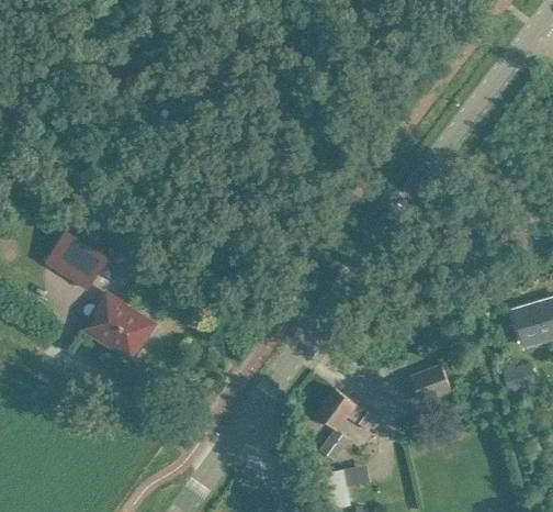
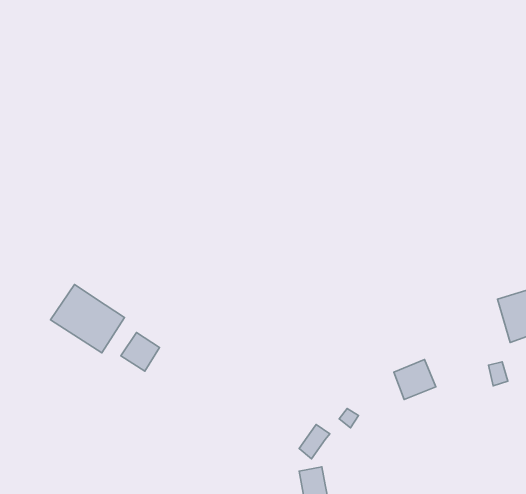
building: [46,230,112,291] -> none
building: none -> [121,332,160,371]
building: [317,390,364,431] -> none

